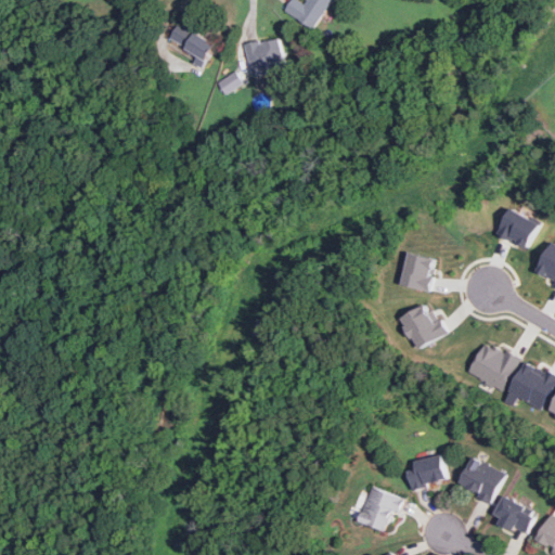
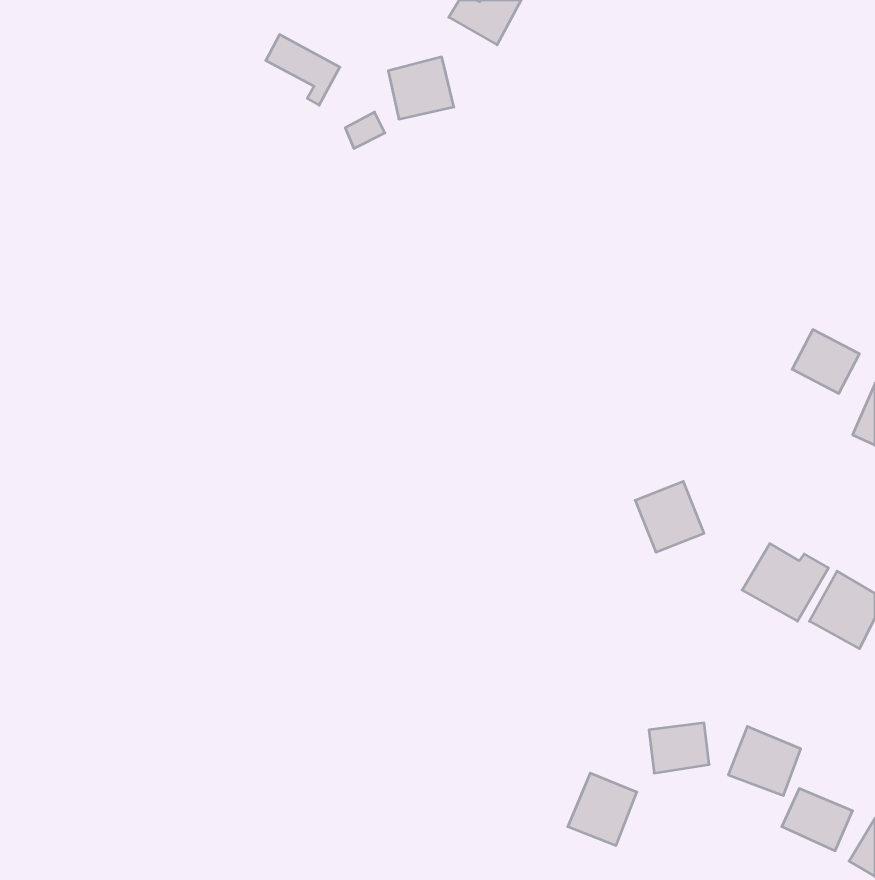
building: [400,251,435,291] -> none

